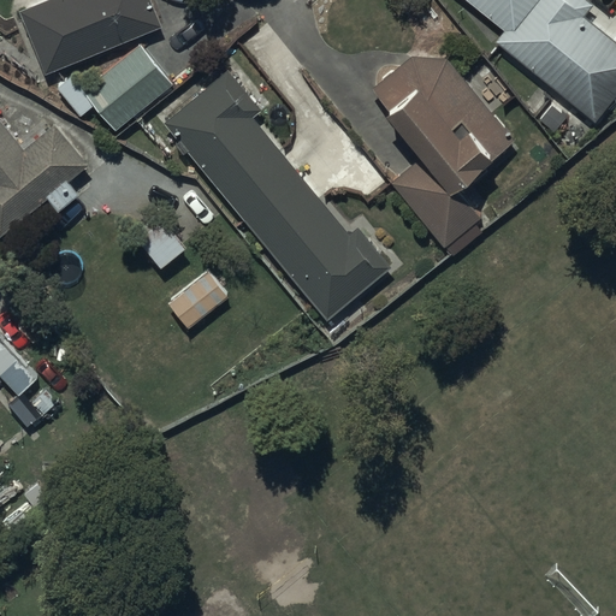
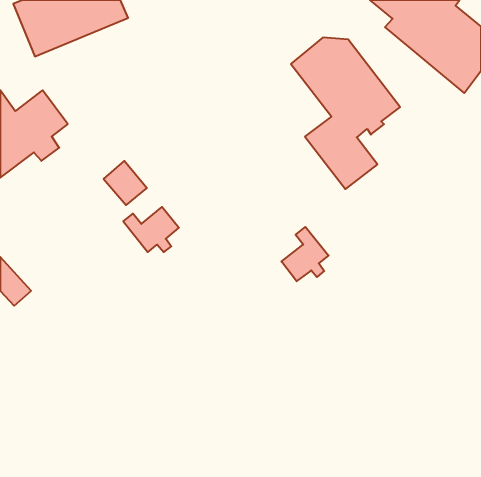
building: [54,41,174,130] -> none
building: [164,66,393,320] -> none
building: none -> [281,227,329,281]

